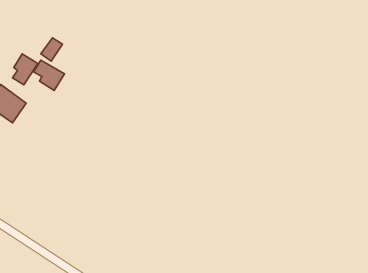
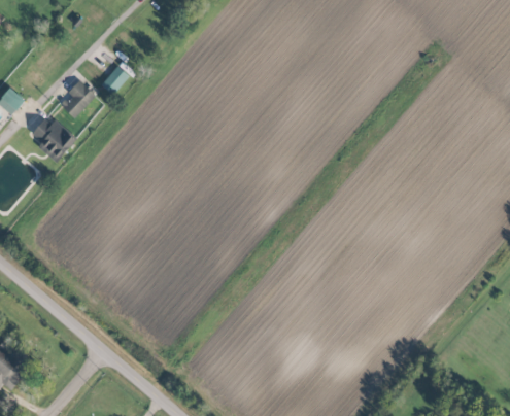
building: [34,60,64,91] -> none

